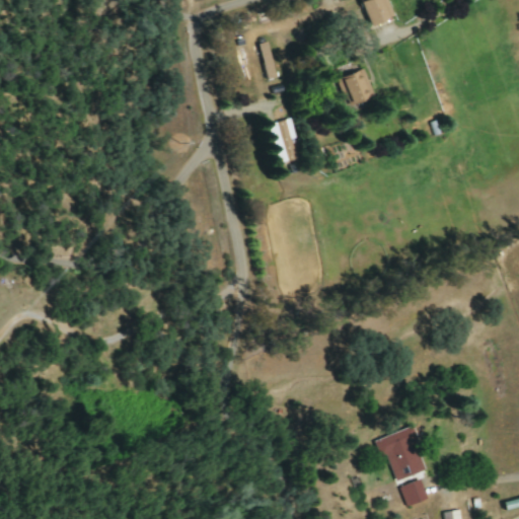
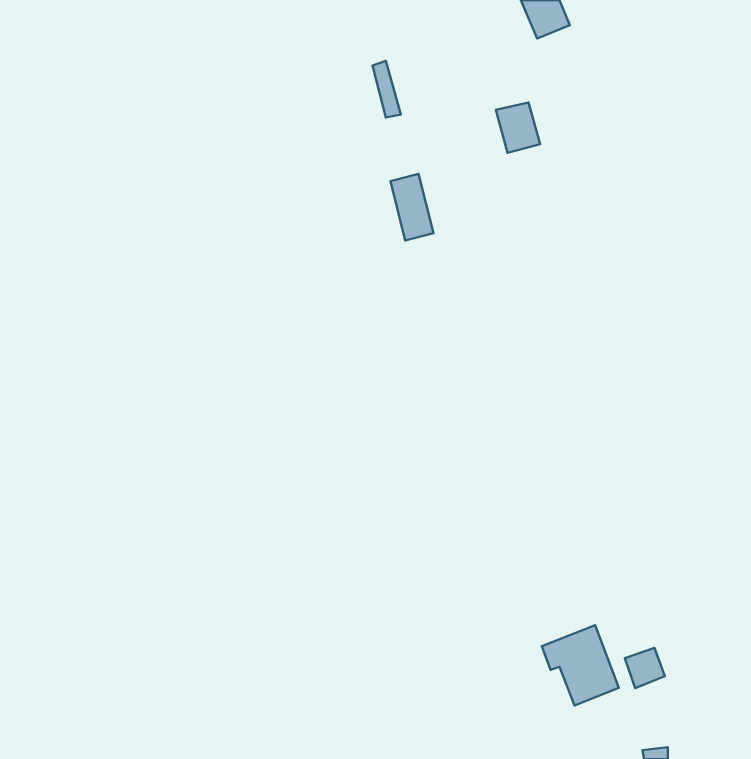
building: [401,479,429,507] -> [625,648,665,688]

